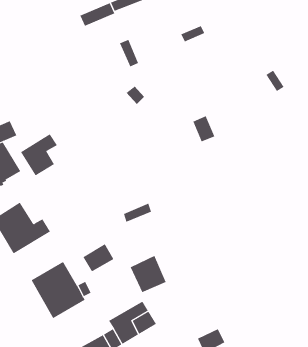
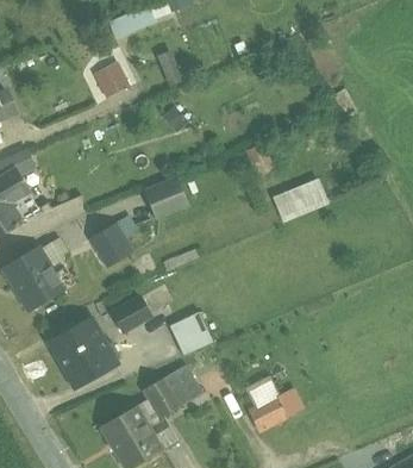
building: none -> [93,62,129,99]
building: [20,133,58,176] -> [90,216,136,267]
building: none -> [143,175,188,217]
building: none -> [271,179,326,223]

